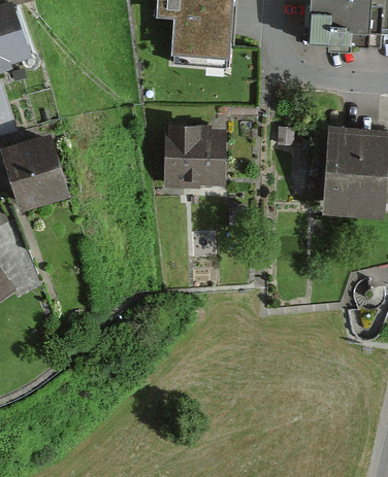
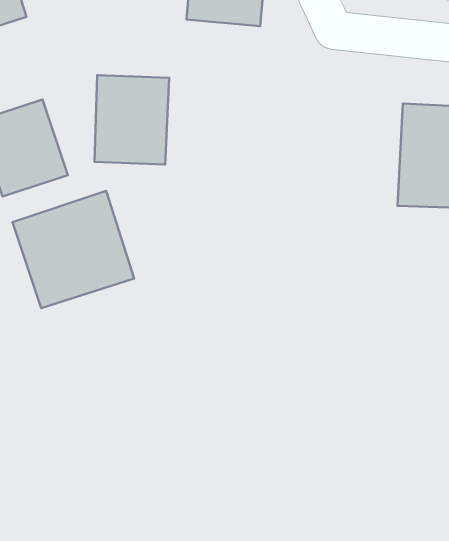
building: [157,128,215,197] -> [94,75,169,165]
building: none -> [13,191,134,308]

